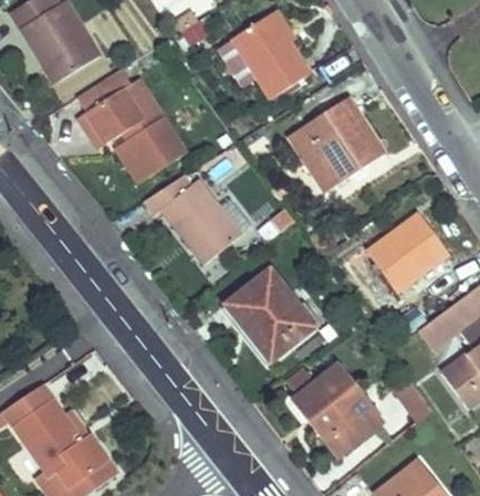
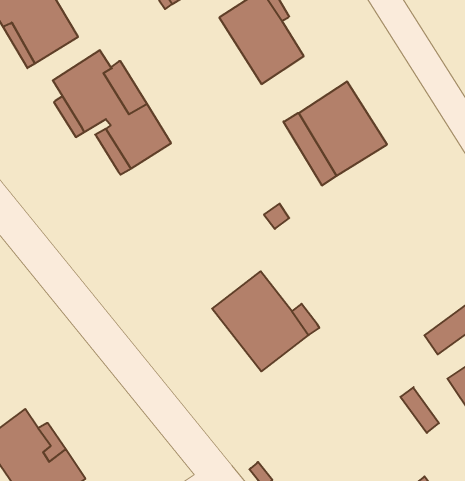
building: [144,170,246,264] -> none
building: [352,212,448,303] -> none
building: [292,363,382,456] -> none

